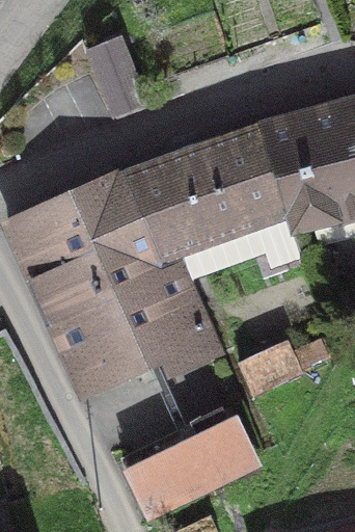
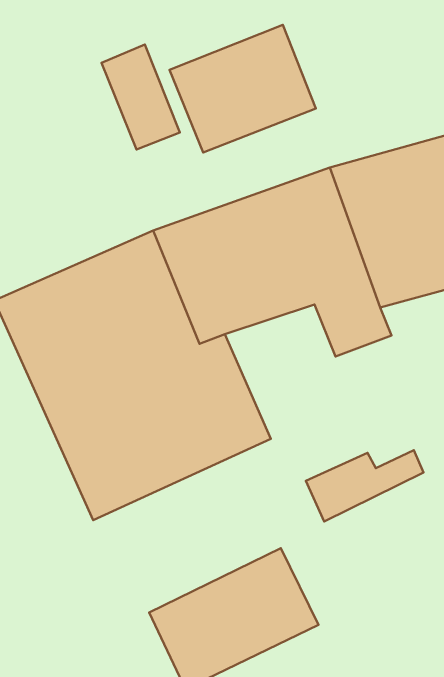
building: none -> [169,25,316,153]

